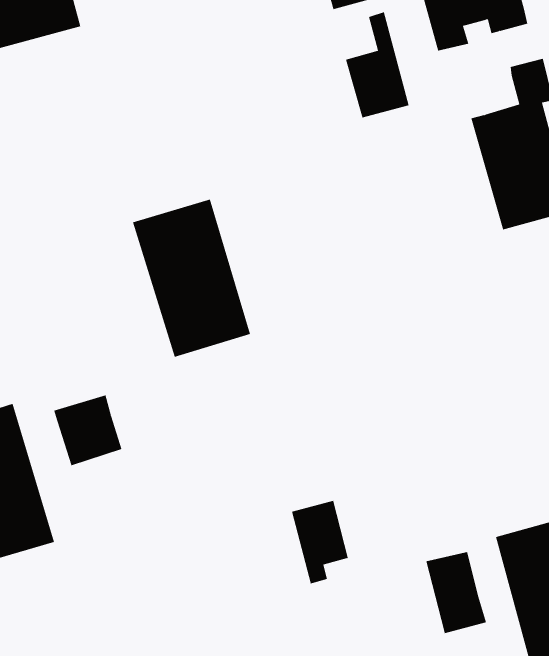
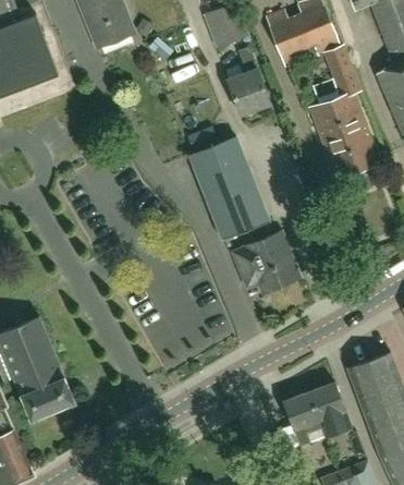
building: [132,199,251,358] -> [187,137,269,240]
building: none -> [234,232,298,291]
building: [54,394,122,466] -> none
building: [291,500,353,584] -> [282,391,325,446]

